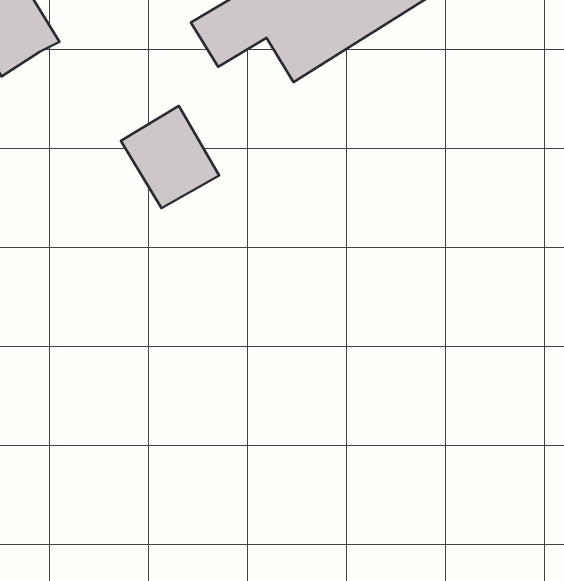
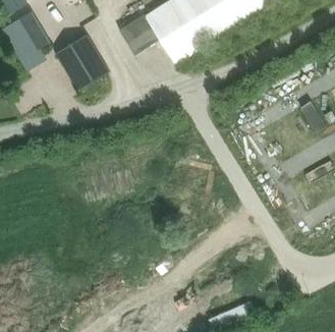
building: [121,106,219,208] -> [56,35,108,89]

